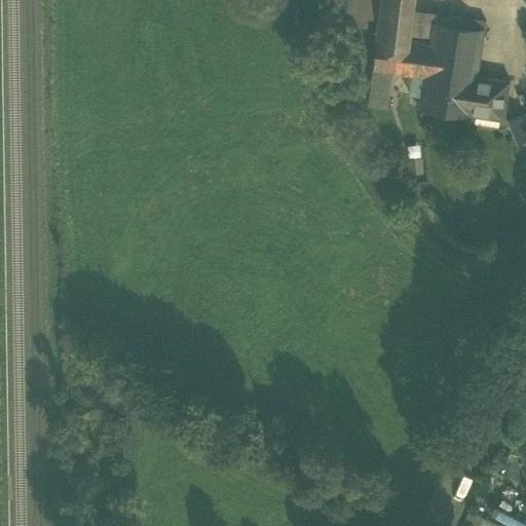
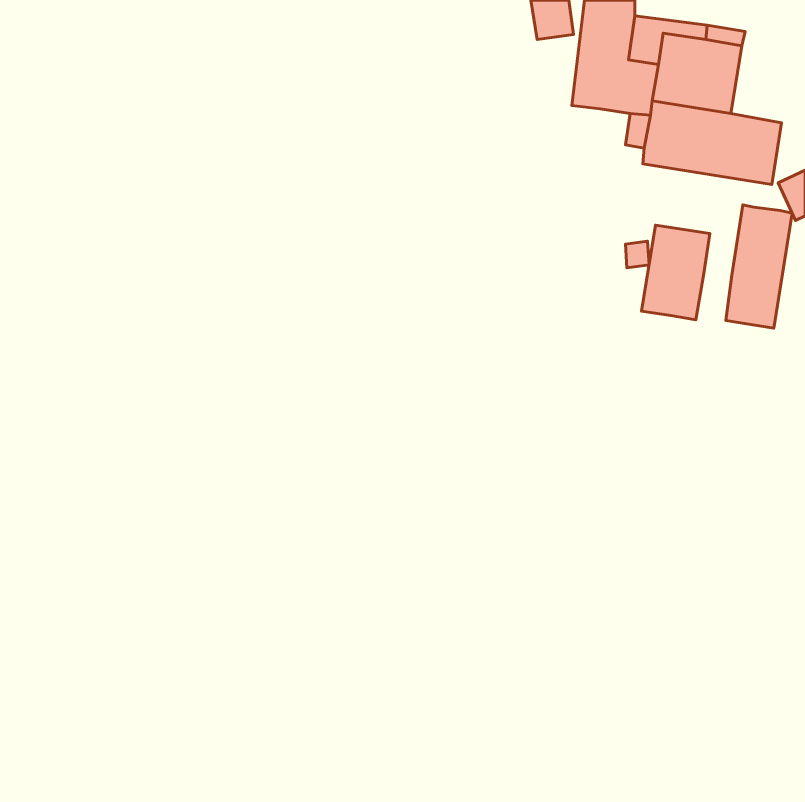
building: [369,71,391,109] -> none
building: none -> [726,205,792,328]
building: none -> [642,225,710,320]

